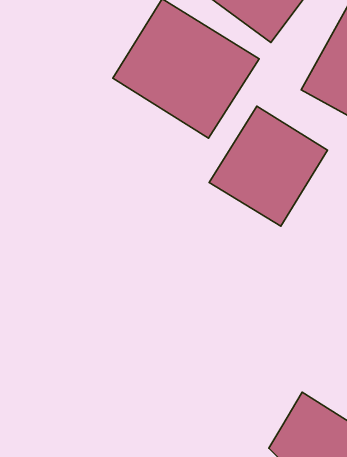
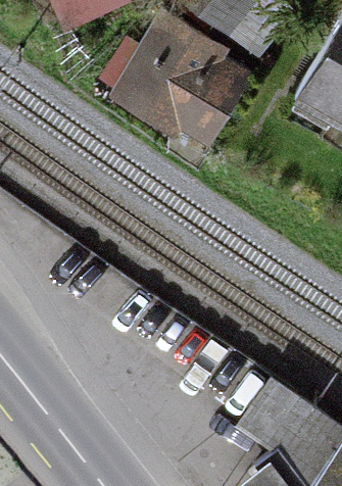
building: [209,106,327,226] -> none

